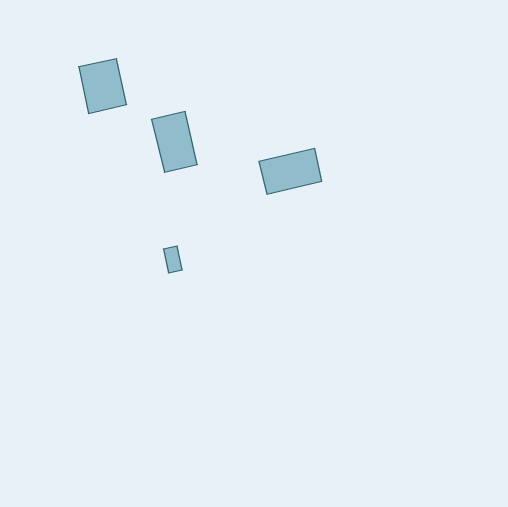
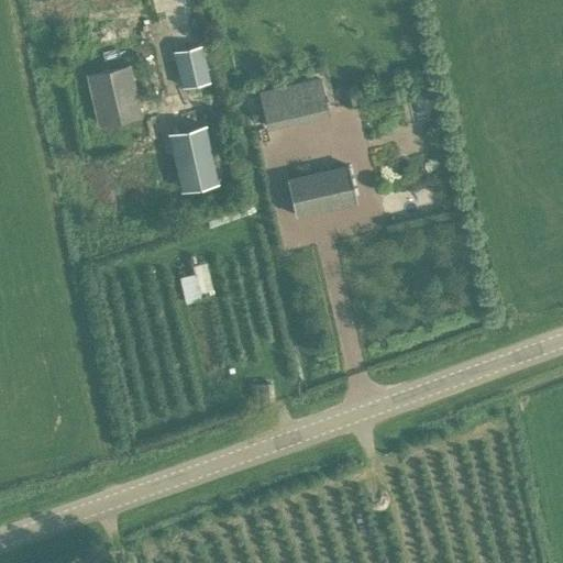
building: none -> [174,46,211,89]
building: none -> [260,79,330,130]

